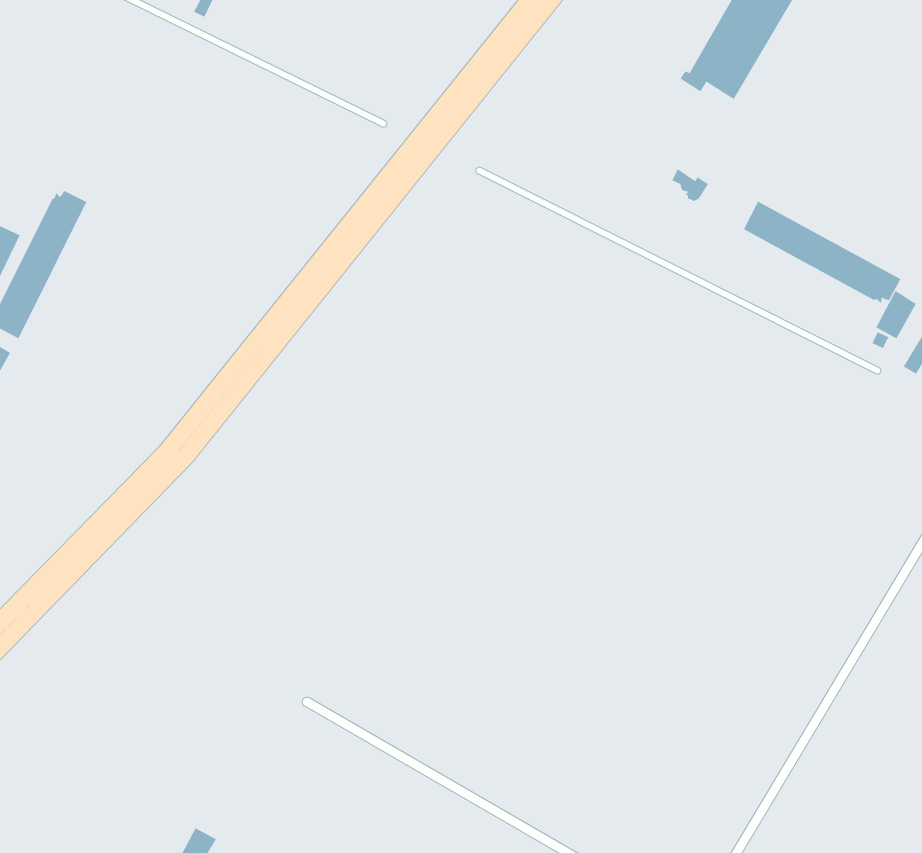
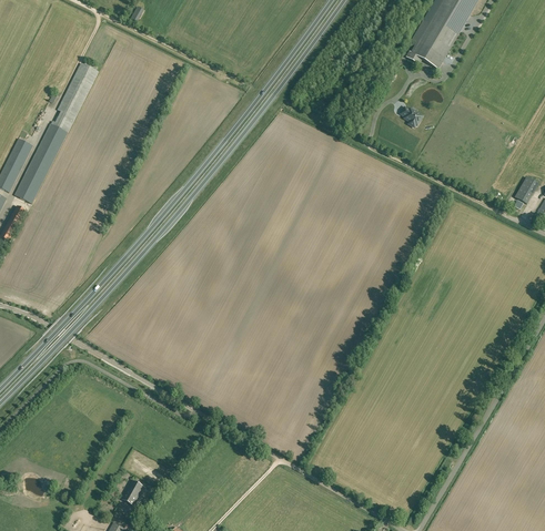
building: none -> [57,62,98,125]
building: [743,201,901,304] -> none

